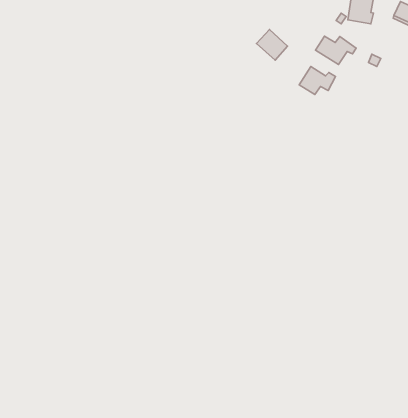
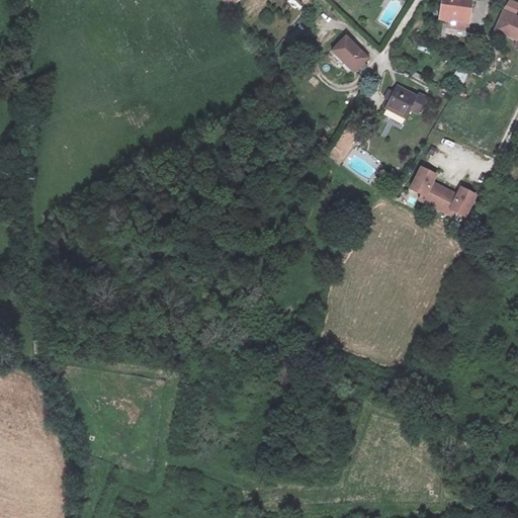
building: [316,36,356,64] -> none
building: none -> [409,166,474,215]

